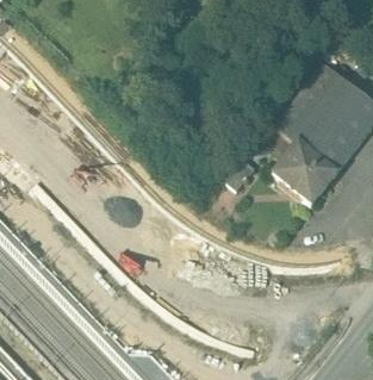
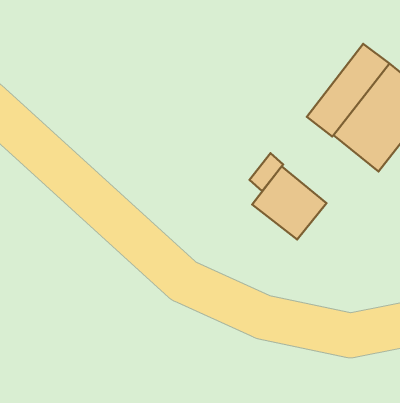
building: [273,139,336,201] -> [252,167,327,239]

